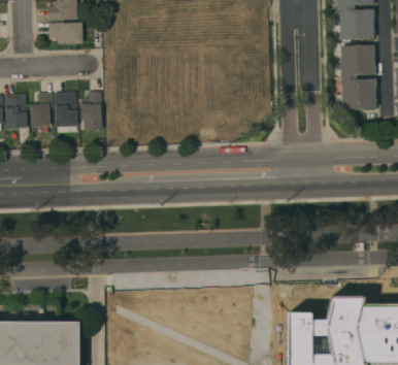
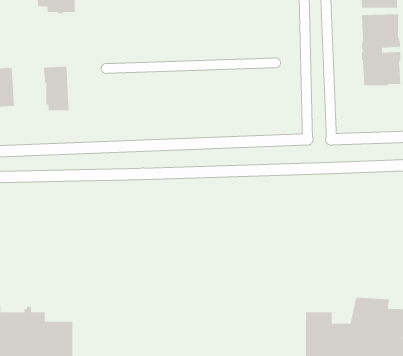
building: [80,91,102,129] -> none
building: [30,92,53,126] -> none

